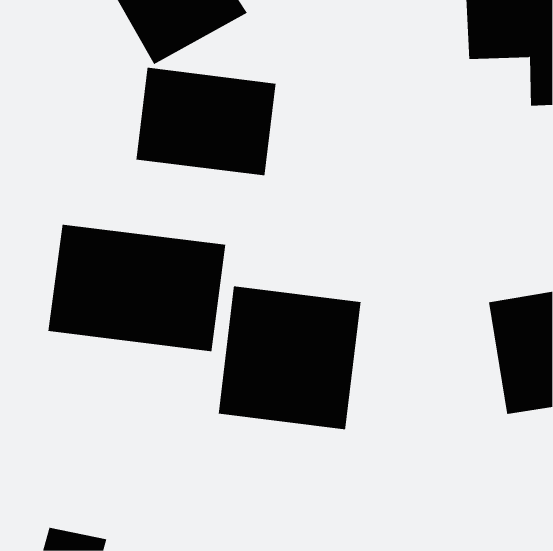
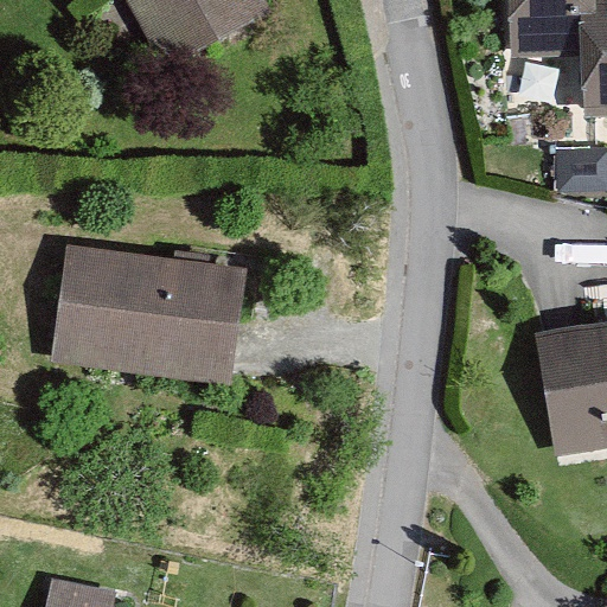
building: [136,67,276,176] -> none
building: [218,285,361,430] -> none

